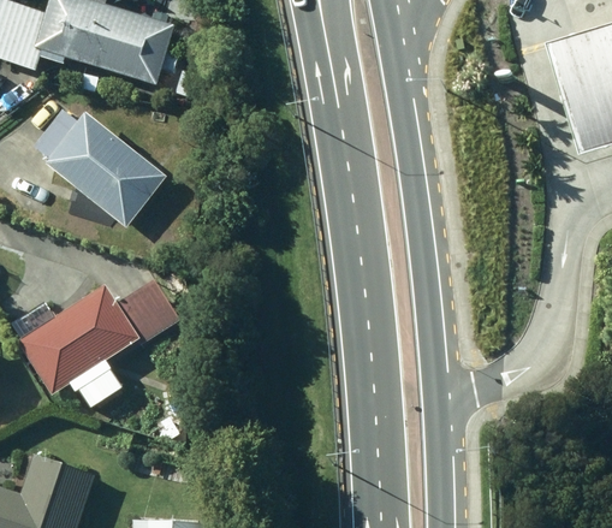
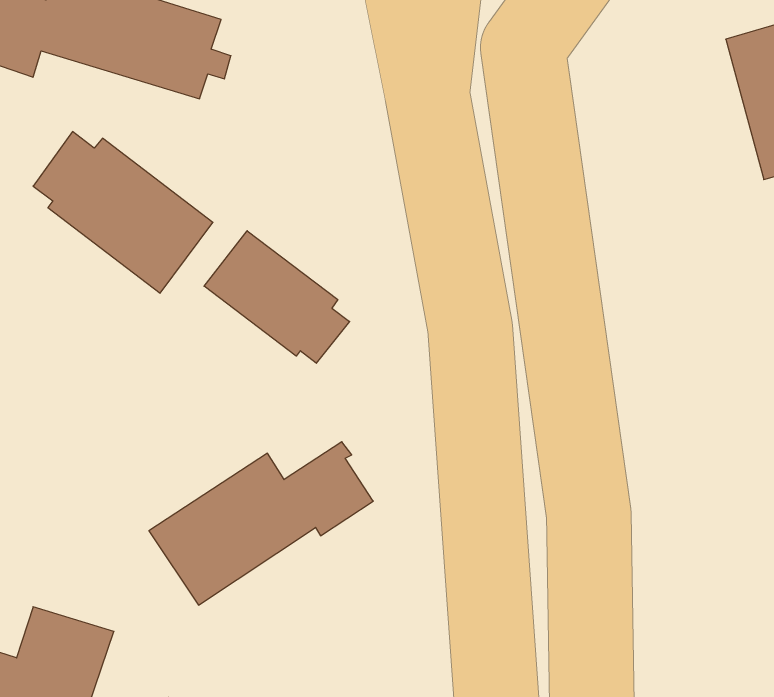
building: none -> [204,231,350,363]
building: [17,275,180,394] -> [149,442,373,605]

